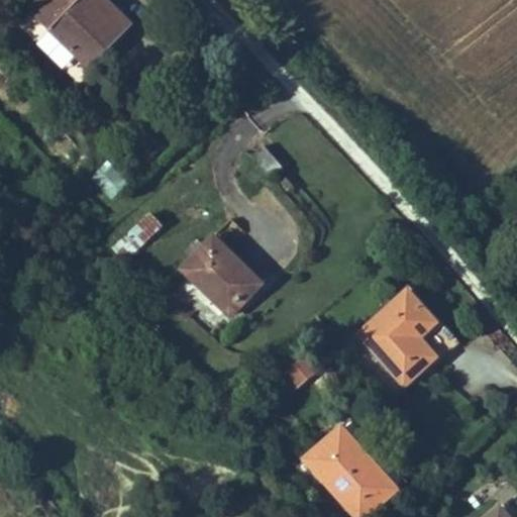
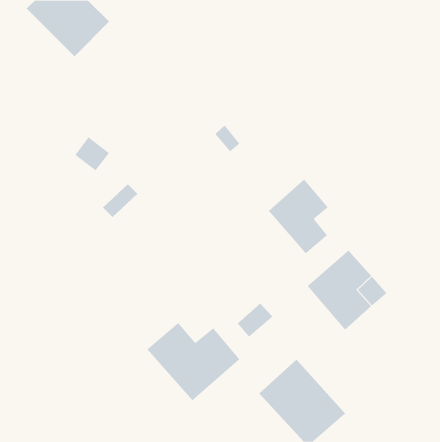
building: none -> [268,179,328,254]
building: [181,237,260,315] -> none
building: none -> [147,322,240,401]

